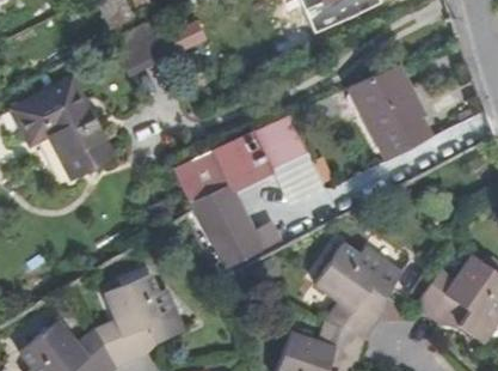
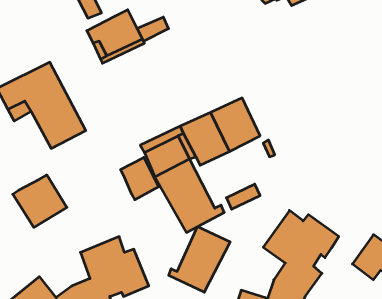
building: [353,66,431,157] -> none
building: none -> [121,157,159,200]
building: none -> [13,175,67,227]
building: none -> [169,227,230,292]

